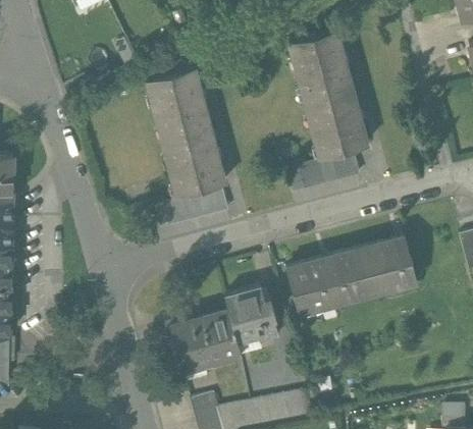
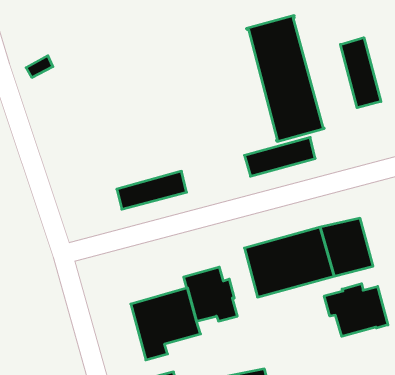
building: none -> [340,38,381,108]
building: [146,67,224,196] -> none
building: none -> [324,284,388,336]

